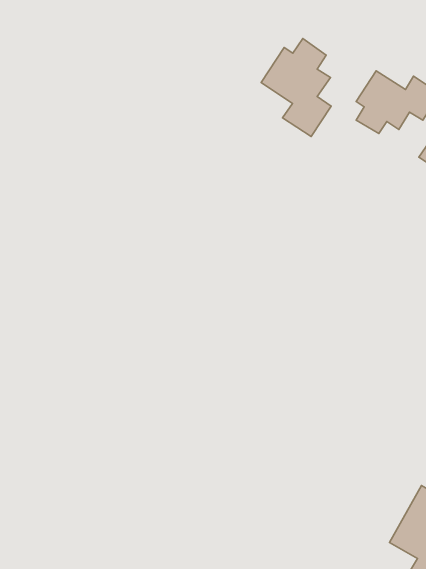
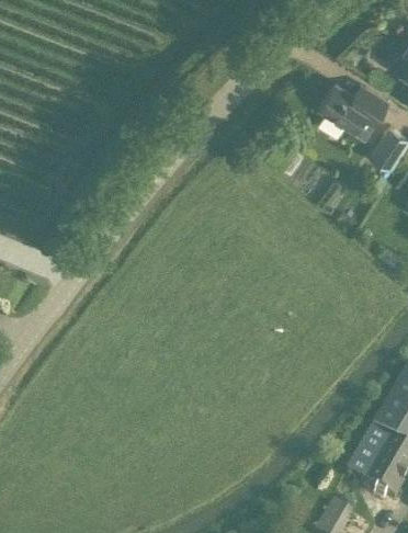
building: [261,39,331,137] -> none

